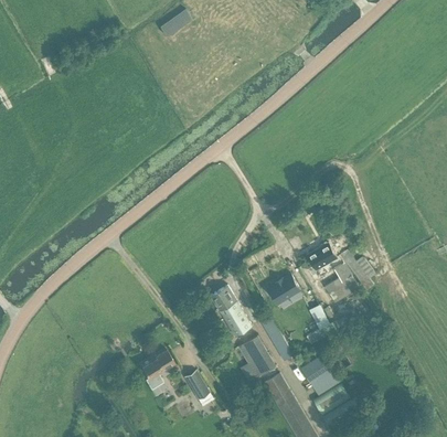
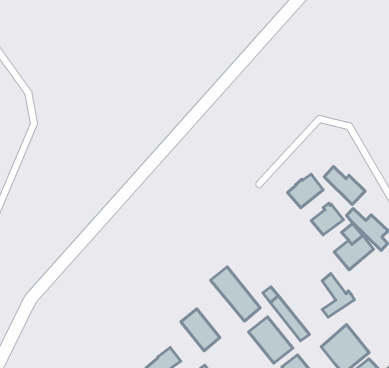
building: none -> [324,167,365,204]
building: [267,275,299,303] -> [288,174,323,208]
building: none -> [181,309,220,351]

